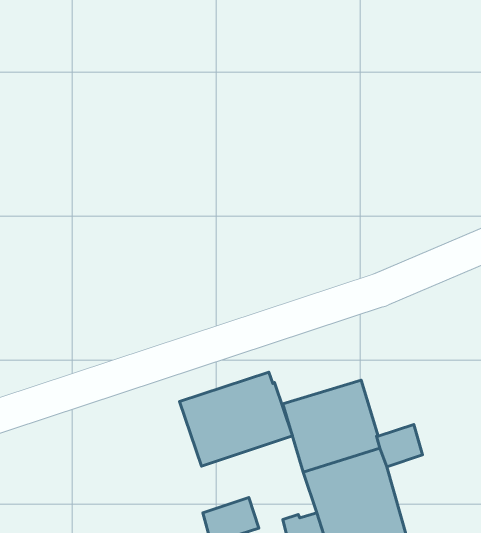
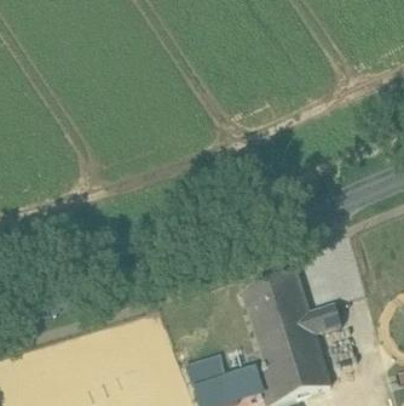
building: [179,372,292,466] -> none

